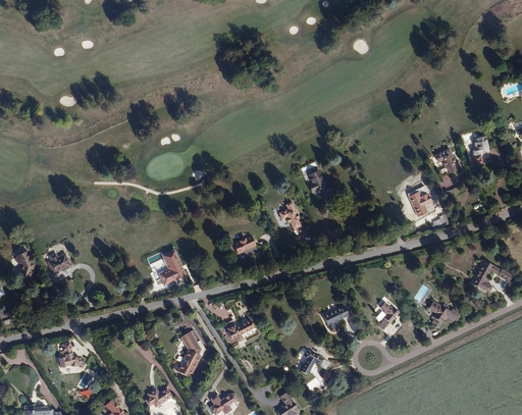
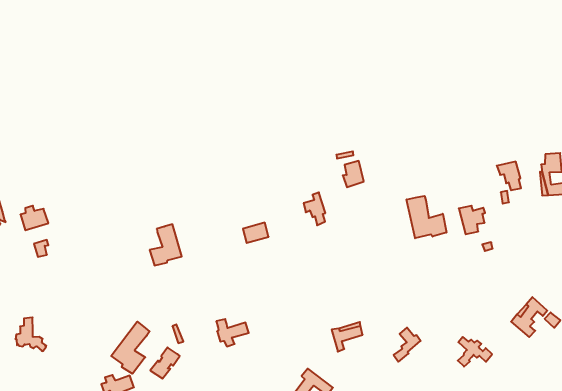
building: none -> [407,196,446,238]
building: none -> [111,322,150,374]

